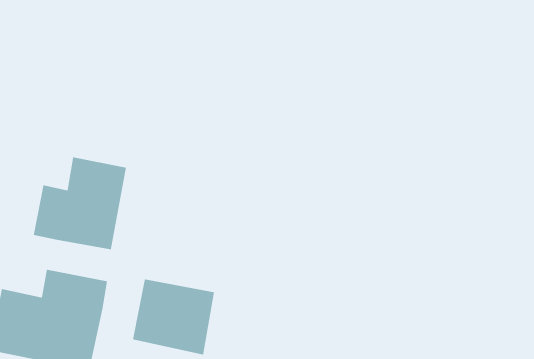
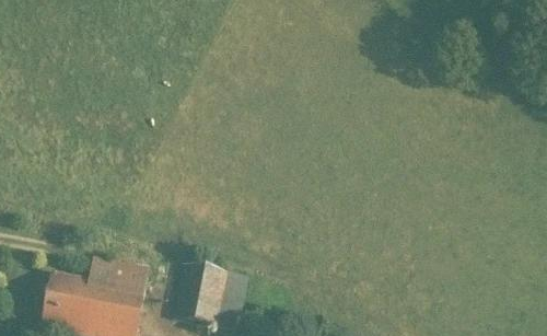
building: [33,157,127,250] -> none

